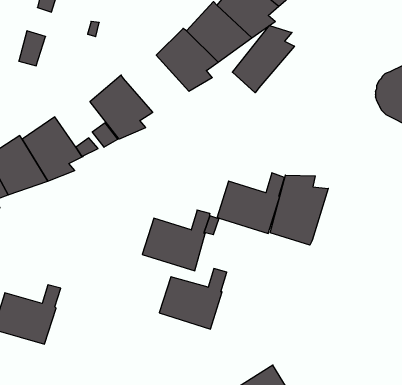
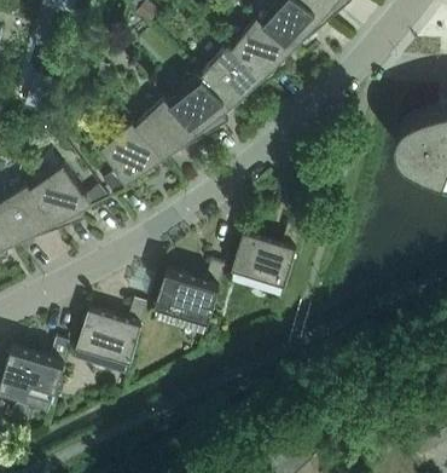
building: [232,25,294,93] -> none
building: none -> [133,98,201,160]
building: [270,175,328,245] -> none
building: [159,269,227,329] -> [75,300,145,363]

